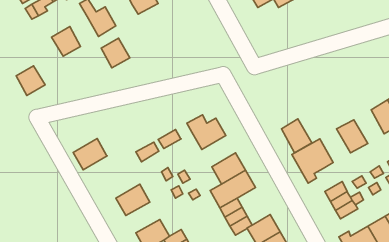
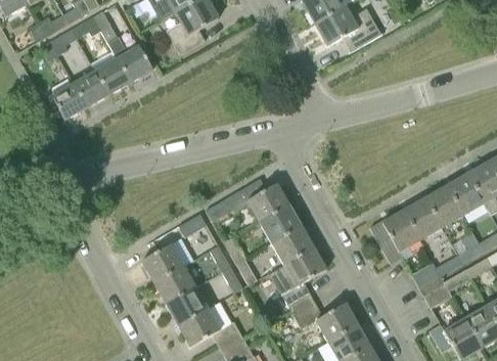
building: [101,38,130,68] -> [96,57,132,94]
building: [16,66,45,96] -> [52,83,88,120]
building: none -> [448,173,486,215]
building: [281,119,312,153] -> [406,196,444,238]
building: none -> [260,205,302,243]
building: [73,138,107,170] -> [141,243,183,282]
building: none -> [166,287,208,325]

